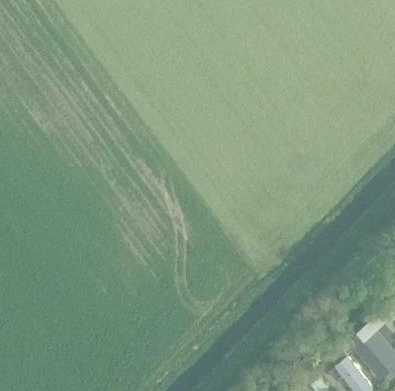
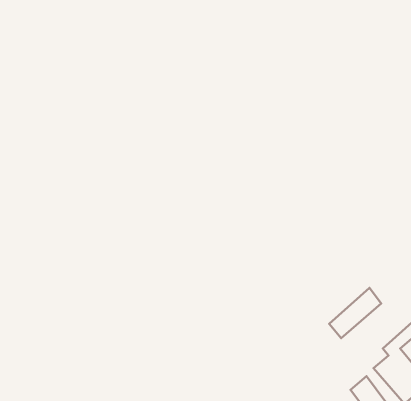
building: none -> [329,288,381,338]

